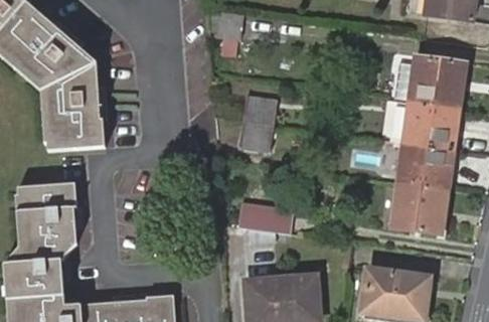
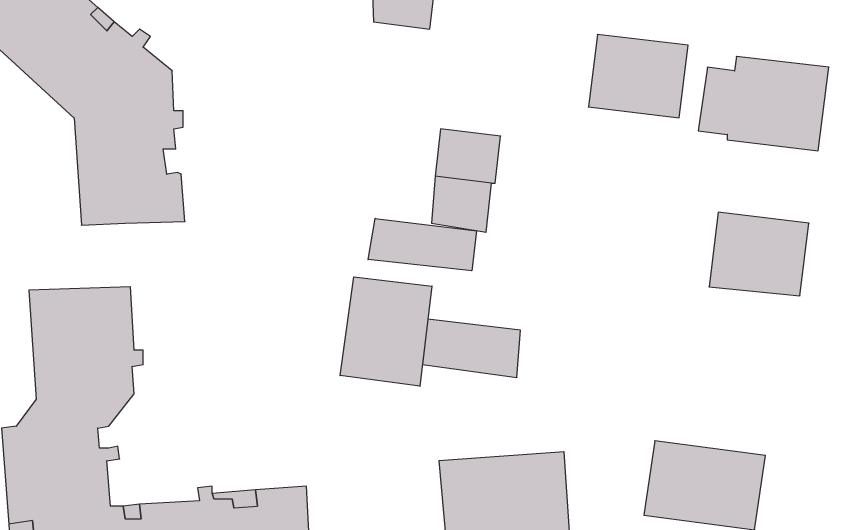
building: [401,102,457,148] -> [588,34,688,118]
building: none -> [368,218,476,271]
building: none -> [340,277,432,386]
building: [390,183,447,235] -> none

